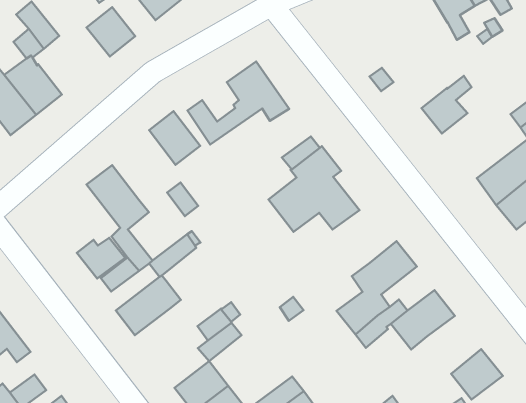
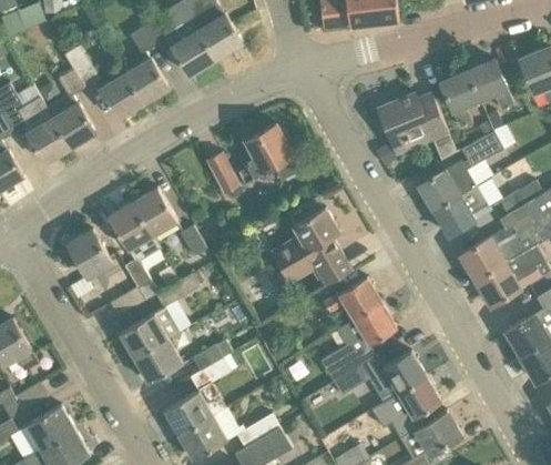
building: none -> [377,94,455,160]
building: none -> [99,74,143,119]
building: none -> [460,132,503,168]
building: none -> [435,186,490,236]
building: [149,111,200,165] -> [133,188,177,236]
building: none -> [68,230,112,277]
building: none -> [324,277,381,320]
building: none -> [134,338,183,383]
building: none -> [391,377,441,428]

